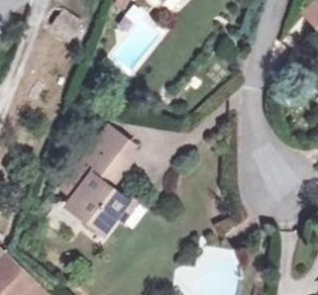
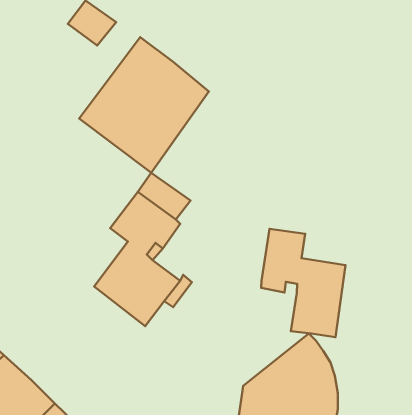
building: none -> [79,37,209,173]
building: none -> [261,229,345,337]

